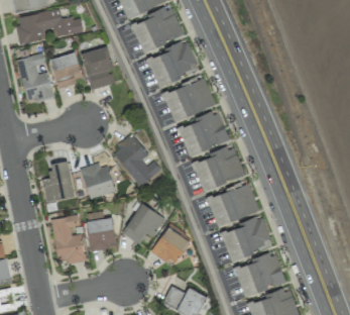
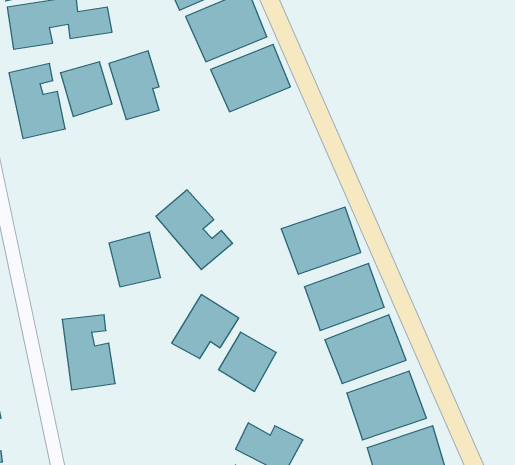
building: [164,79,214,119] -> none
building: [178,111,228,155] -> none
building: [41,161,74,202] -> none
building: [85,212,115,251] -> none

